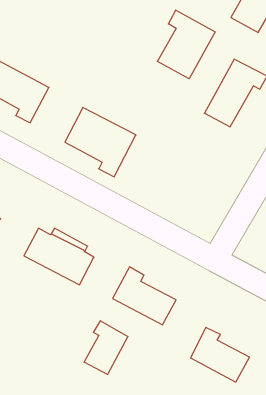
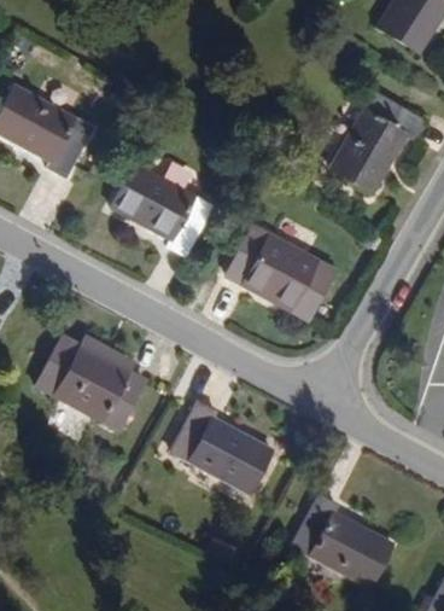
building: [157,10,215,79] -> none
building: none -> [227,235,334,328]
building: [84,321,128,374] -> none

